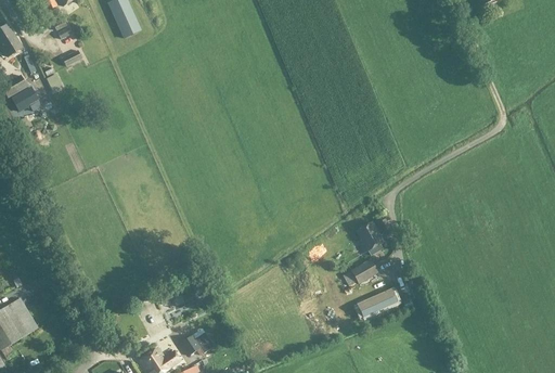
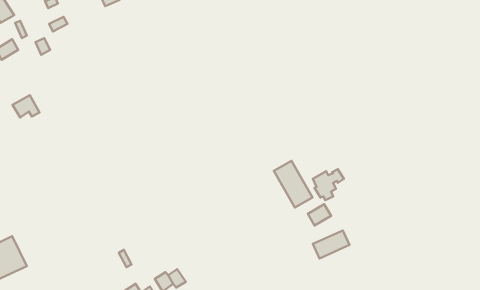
building: [12,87,42,112] -> [13,95,40,117]
building: none -> [274,161,313,207]

